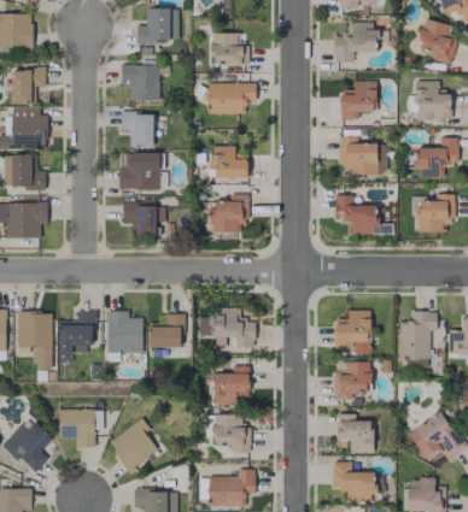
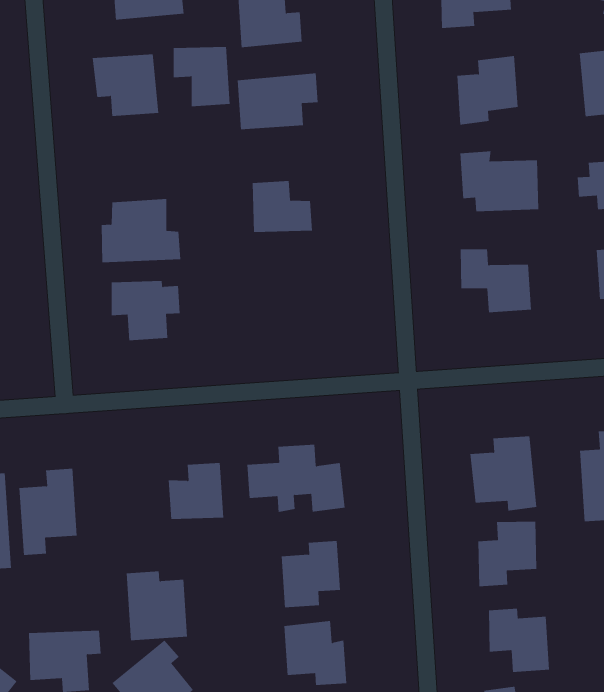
building: [119,112,153,148] -> [173,46,231,107]
building: [211,194,250,234] -> none
building: [107,312,142,353] -> [126,571,188,641]

